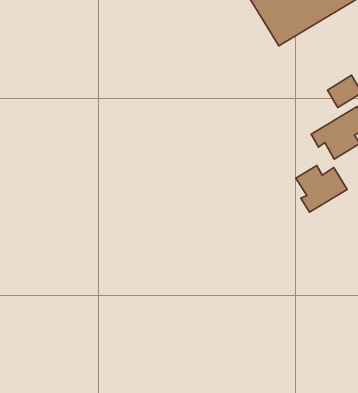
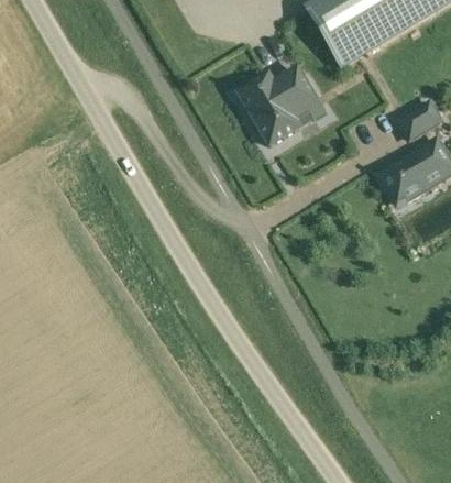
building: none -> [244,72,326,145]
building: [296,166,347,212] -> none

